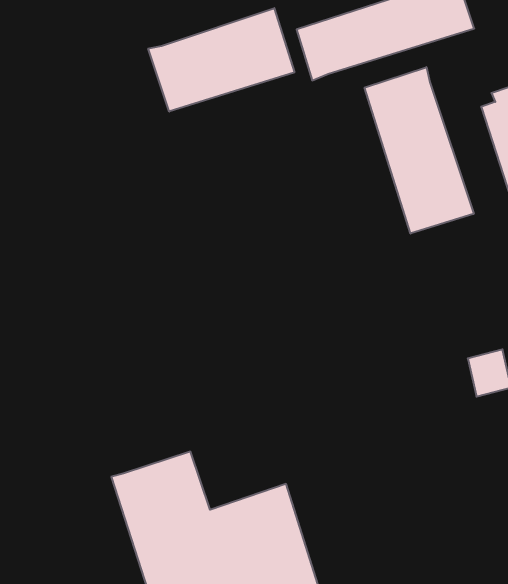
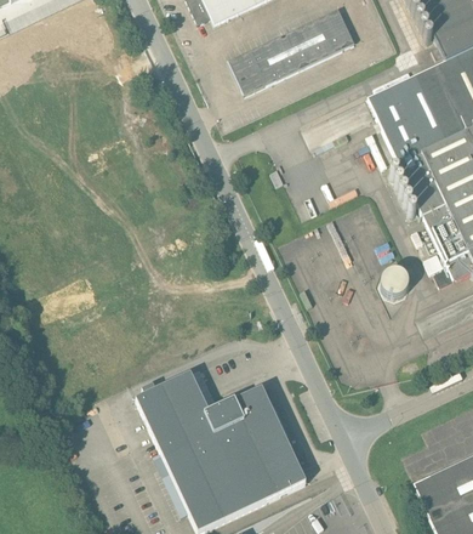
building: [148,8,294,112] -> none
building: [365,67,474,234] -> none

